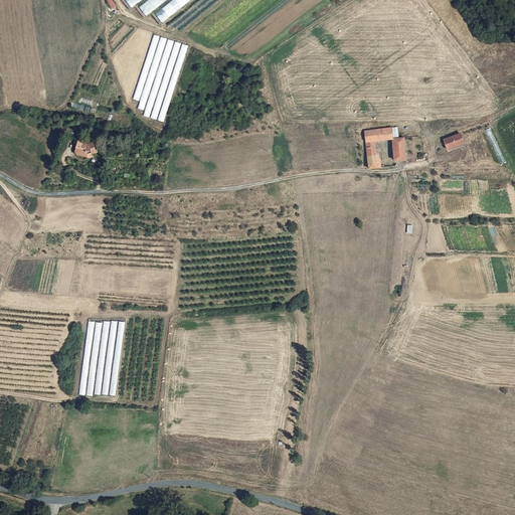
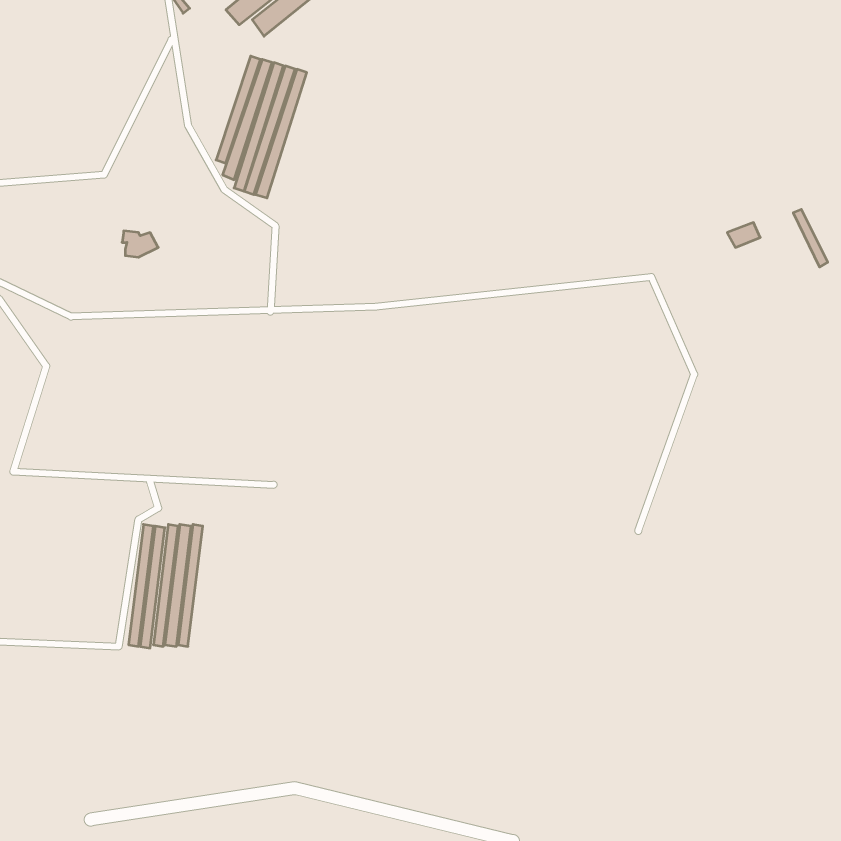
building: [364,127,406,168] -> none

